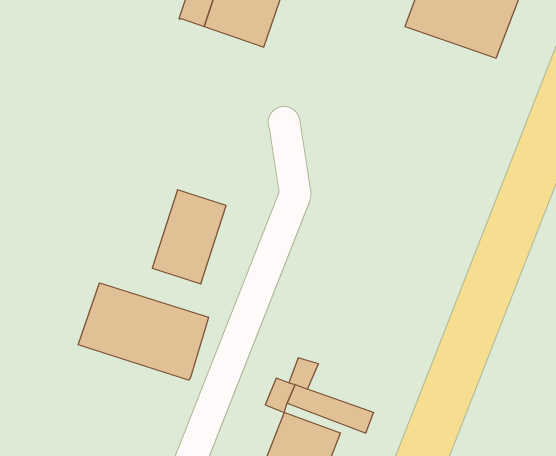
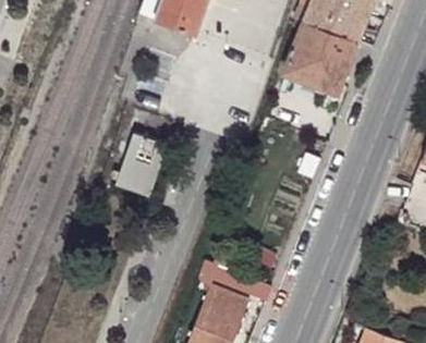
building: none -> [283,21,357,95]
building: [78,283,208,380] -> none

